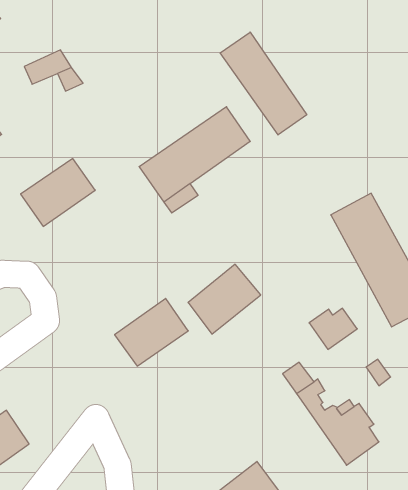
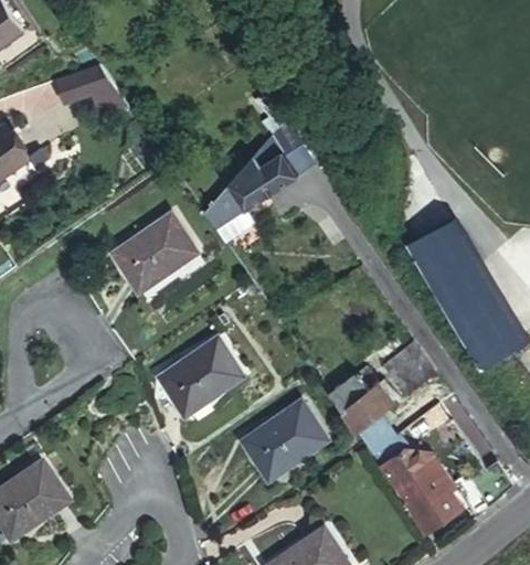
building: [220,32,307,135] -> none
building: [21,159,95,226] -> [116,220,200,296]
building: [188,264,261,334] -> [239,399,320,478]
building: none -> [330,376,389,425]

